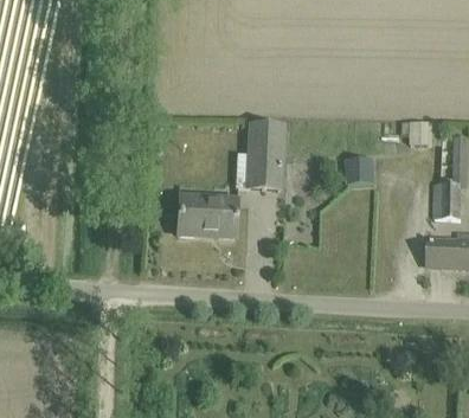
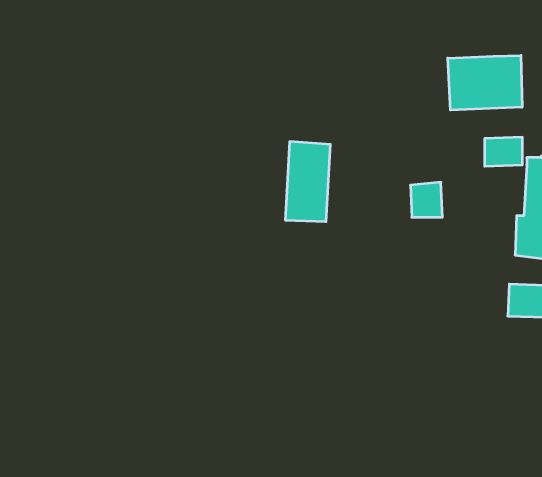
building: none -> [448,55,522,110]
building: [176,195,237,236] -> none

